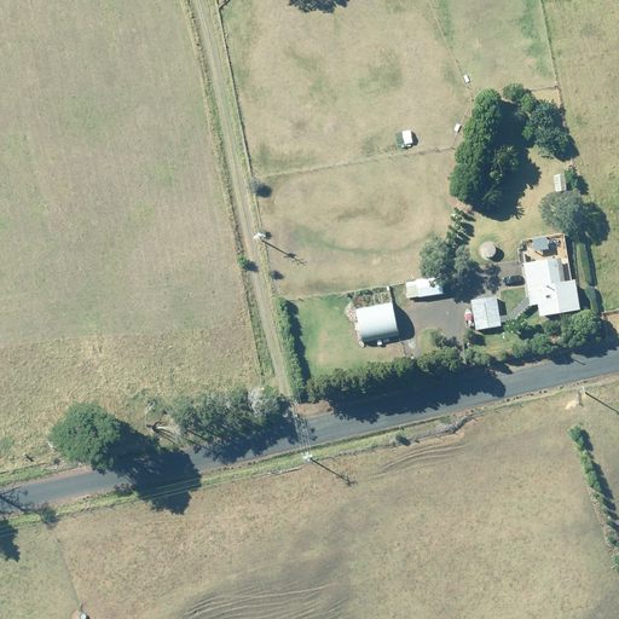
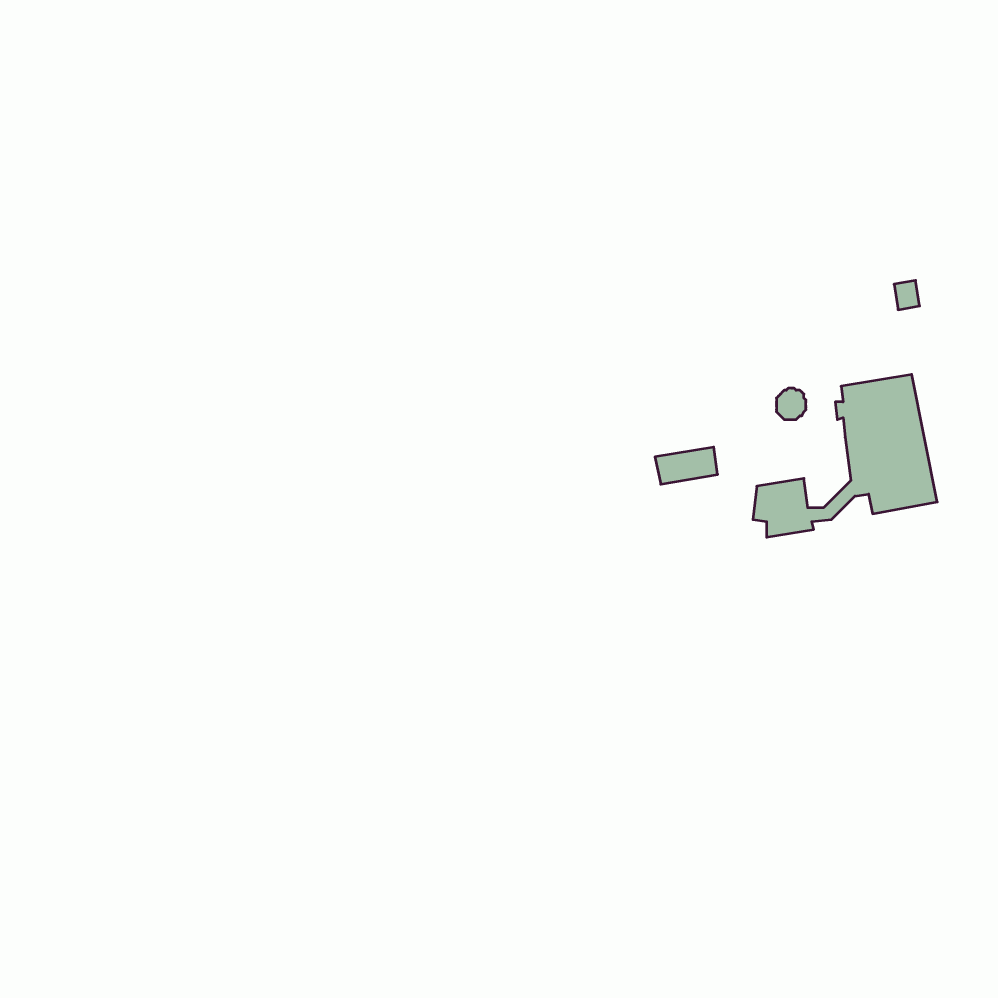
building: [354,302,398,342] -> none

